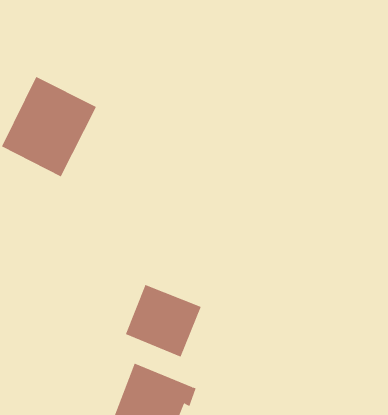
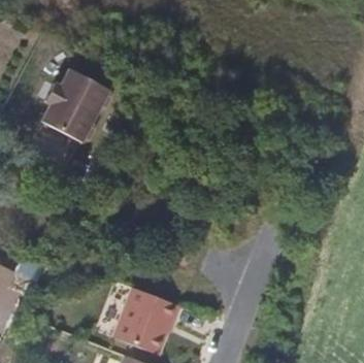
building: [125,284,202,358] -> none

